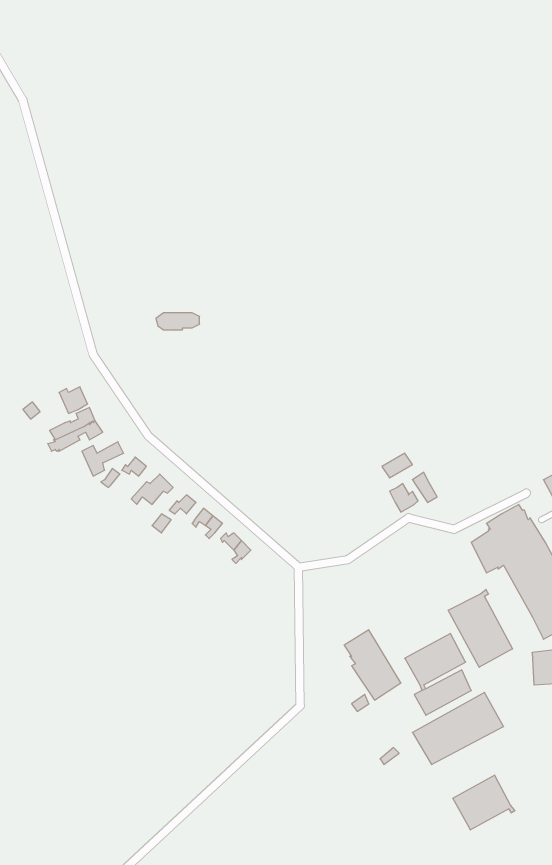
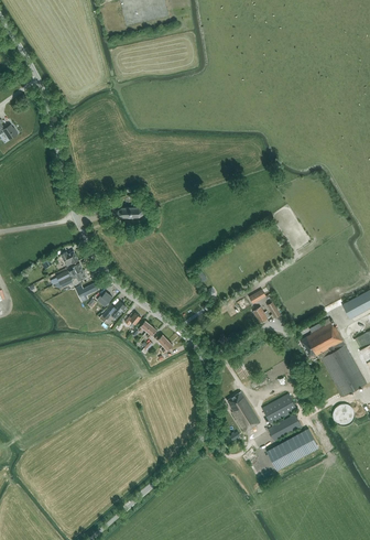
building: [448,589,513,667] -> none
building: [453,775,515,830] -> none

